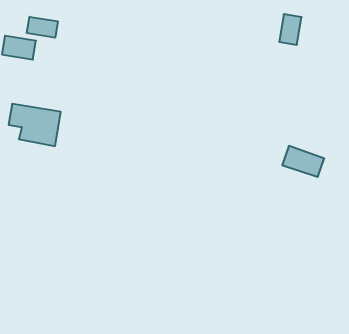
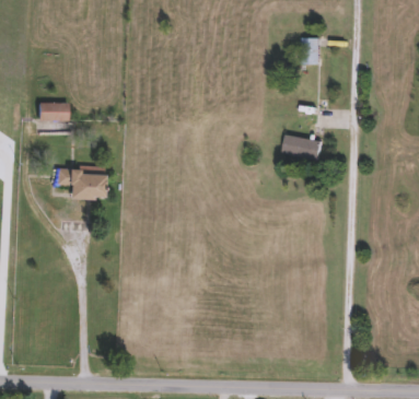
building: [27,17,58,38] -> none
building: [282,146,324,177] -> [283,136,323,161]

